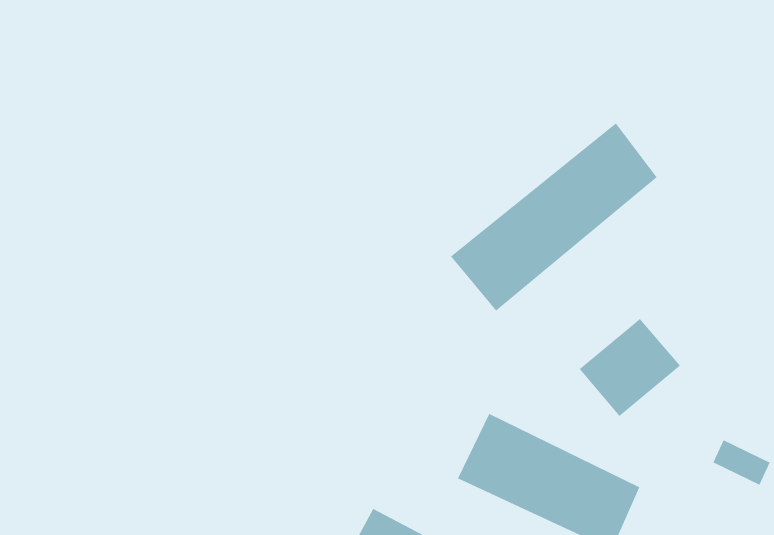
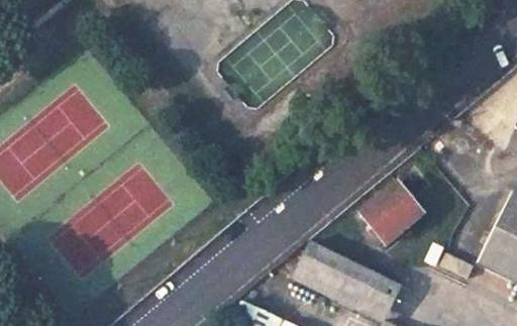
building: [450,123,657,312] -> none

